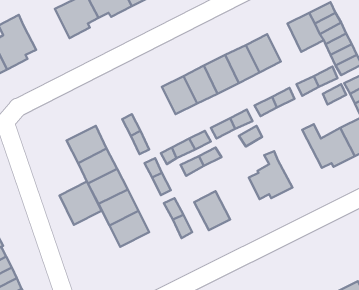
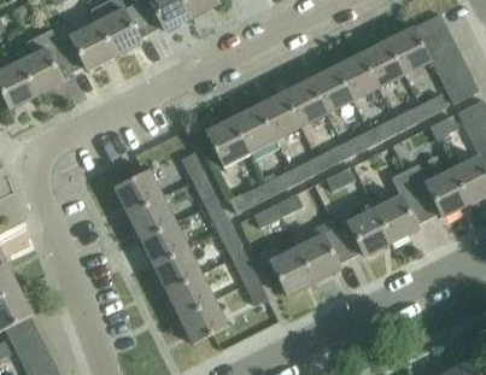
building: none -> [59,22,116,72]
building: none -> [361,40,403,87]
building: none -> [205,118,247,165]
building: none -> [374,171,428,242]
building: none -> [293,218,351,282]
building: [59,182,102,225] -> none
building: none -> [178,298,229,344]

